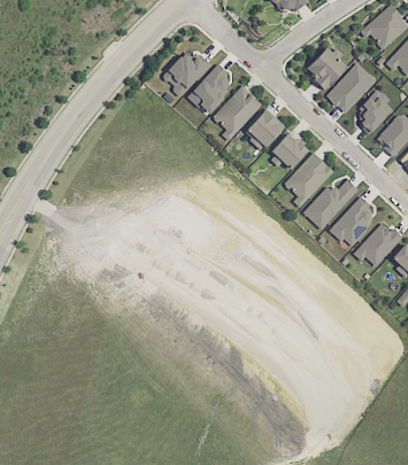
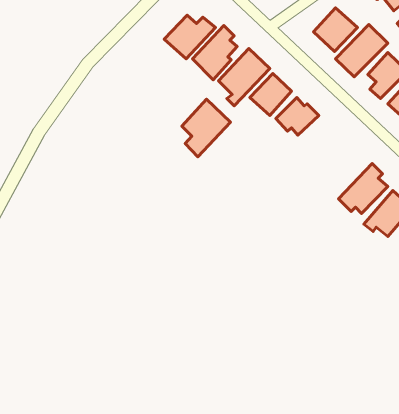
building: none -> [182,99,230,157]
building: [281,152,334,204] -> none
building: [302,179,358,229] -> none

